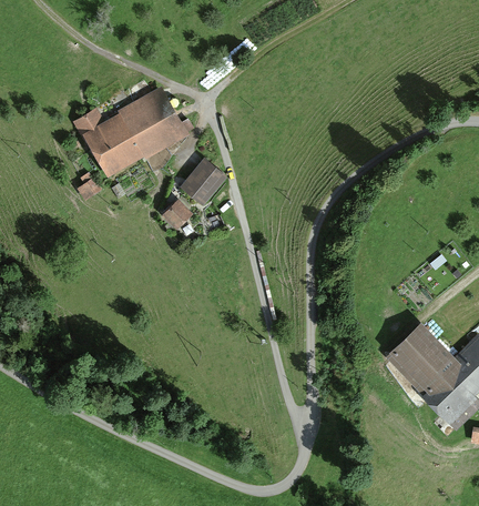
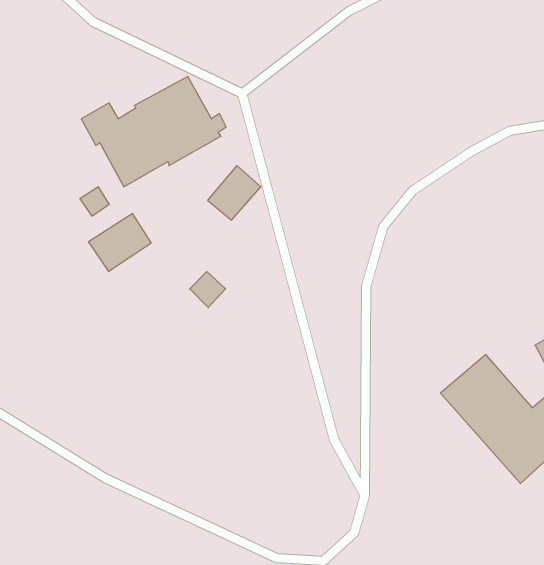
building: [160,198,190,227] -> [190,272,226,308]
building: none -> [88,213,151,272]

